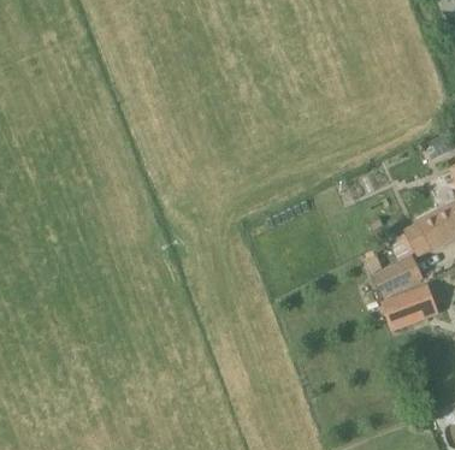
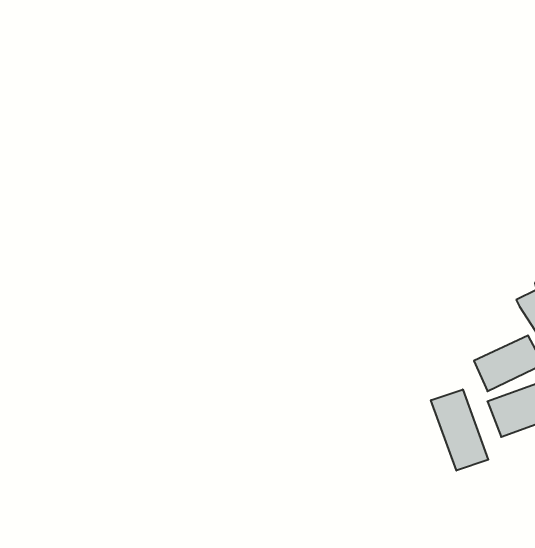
building: none -> [431,389,488,471]

